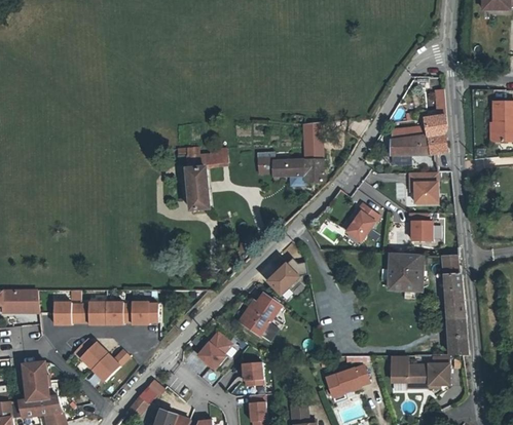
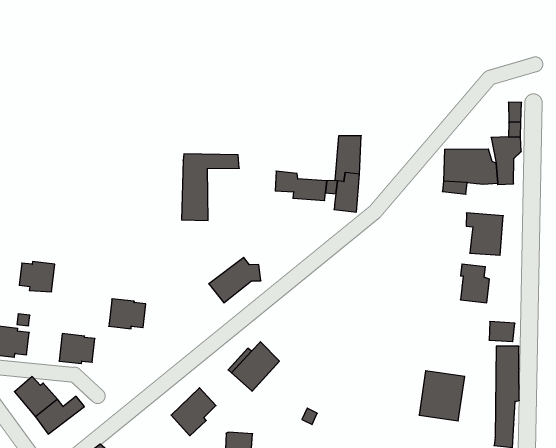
building: [345,204,378,243] -> none
building: [389,255,420,291] -> [419,371,465,421]
building: [268,259,308,296] -> [209,257,261,303]
building: [81,303,107,325] -> [19,262,55,292]
building: [133,303,159,324] -> [109,299,146,329]

